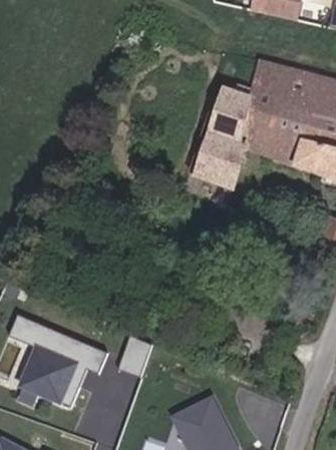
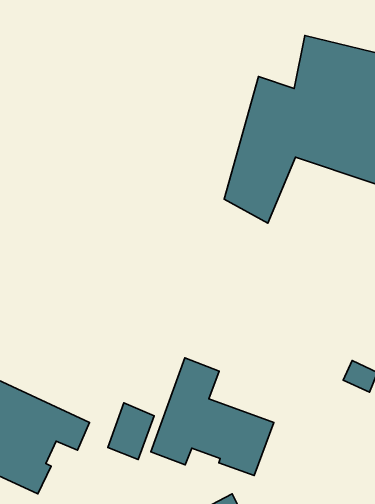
building: none -> [151,358,274,476]

